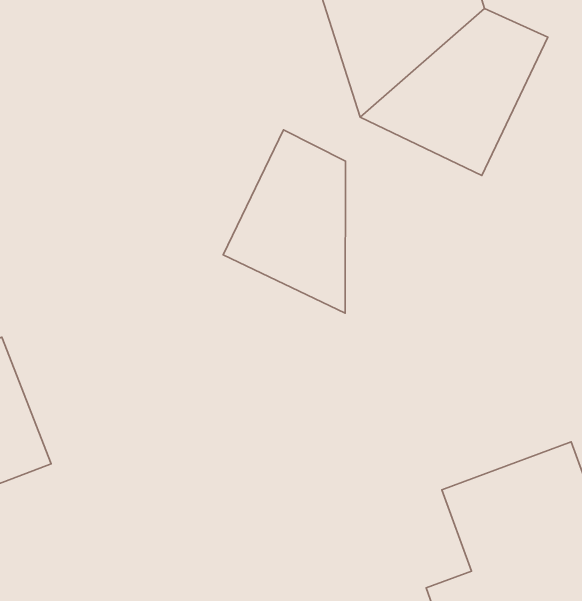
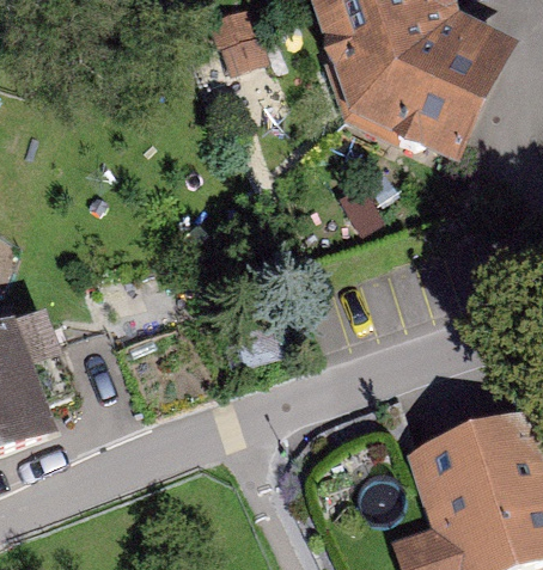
building: [223,130,345,313] -> none

